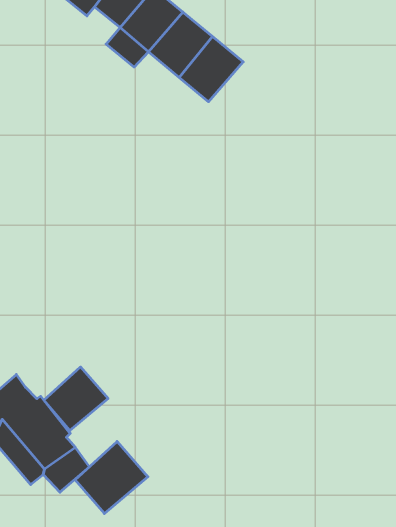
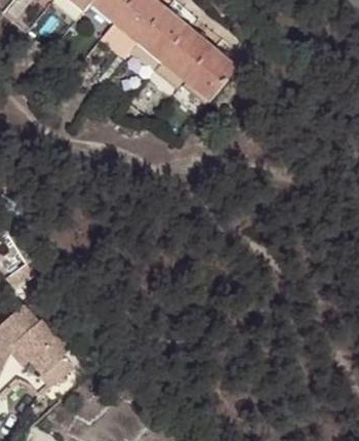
building: none -> [183,51,235,104]
building: [44,367,108,431] -> none
building: [75,441,148,514] -> none

